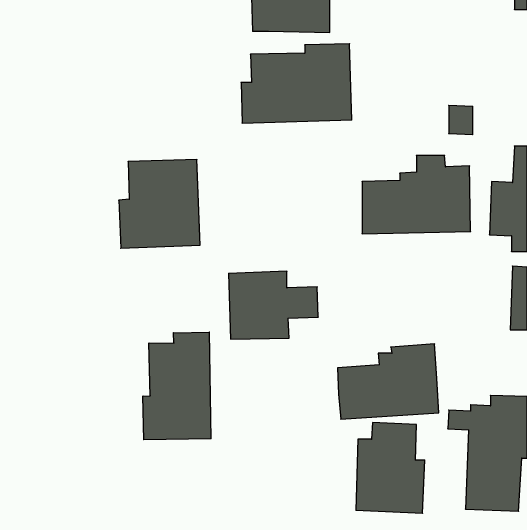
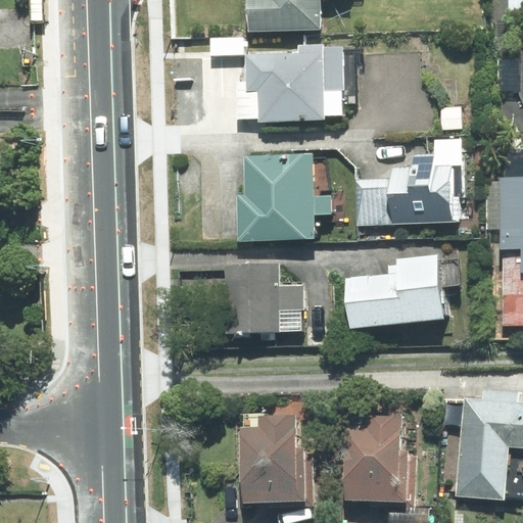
building: [119,160,200,248] -> [236,153,316,240]
building: [143,332,211,440] -> none
building: [338,344,439,419] -> [347,252,446,326]
building: none -> [242,409,313,504]

